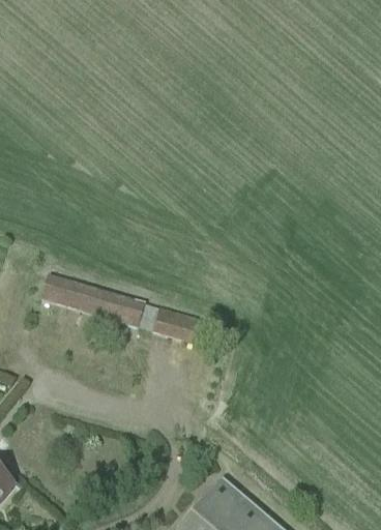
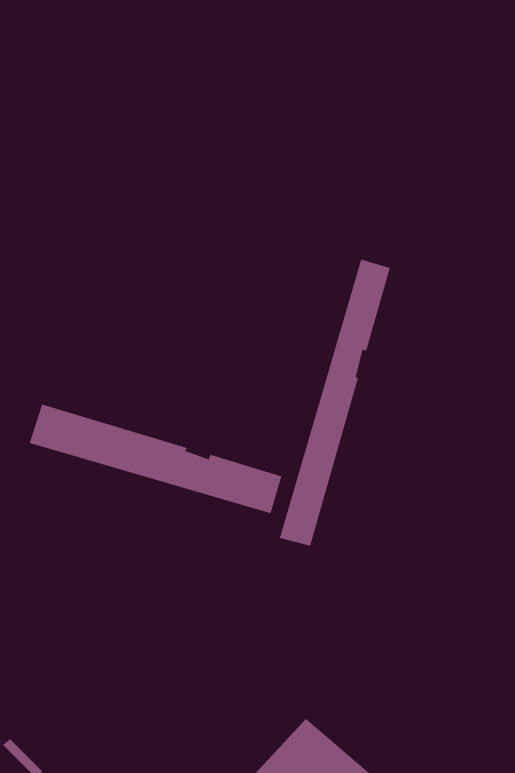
building: none -> [279,259,390,546]

